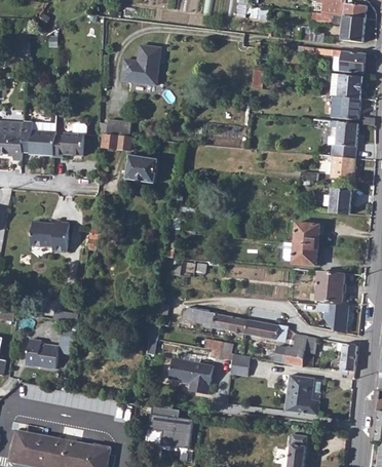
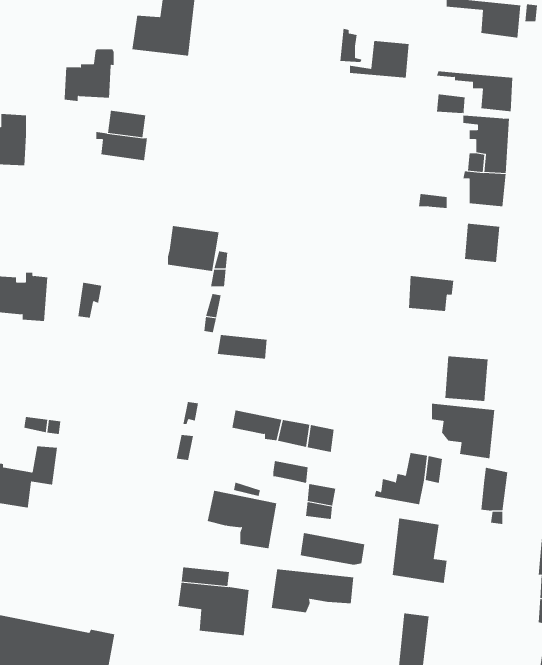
building: [323,75,361,99] -> [349,41,410,78]
building: [53,123,85,156] -> [64,49,115,101]
building: [125,156,158,185] -> [167,226,220,272]
building: [282,242,319,266] -> none
building: [245,319,286,340] -> [300,533,365,565]
building: none -> [271,569,354,613]

